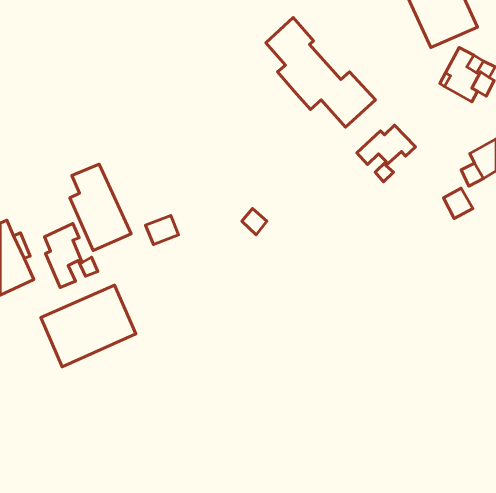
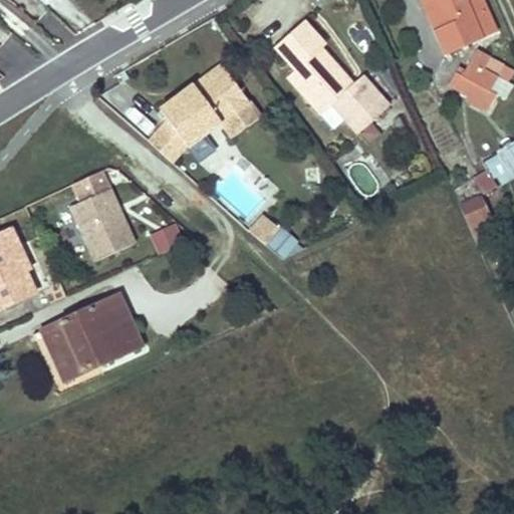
building: none -> [148,63,260,161]
building: [357,125,416,182] -> none
building: [44,223,98,288] -> none

